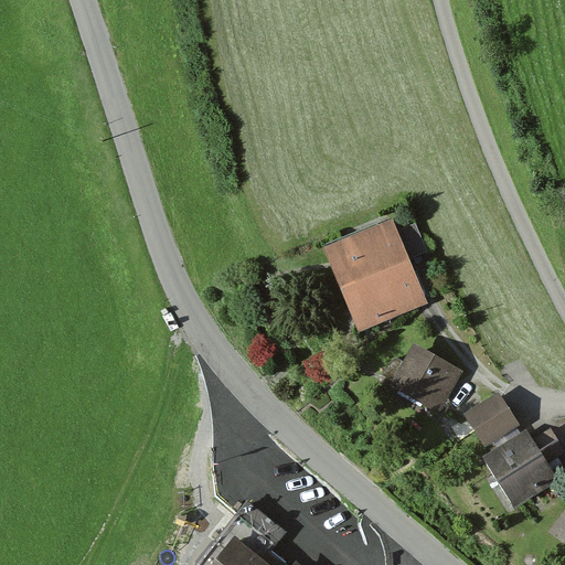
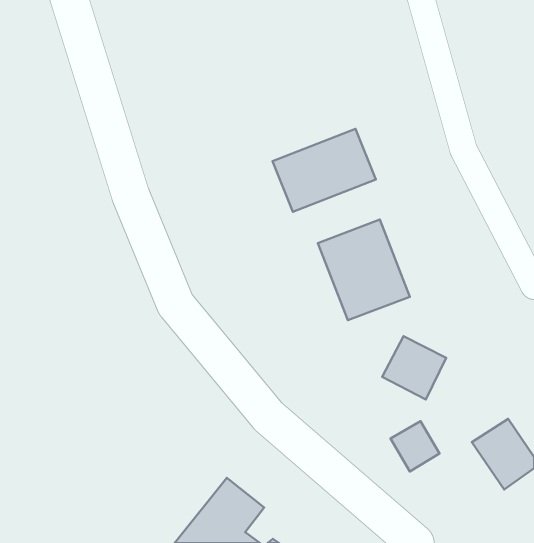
building: none -> [272,129,376,212]
building: [467,393,518,445] -> [390,421,440,472]

